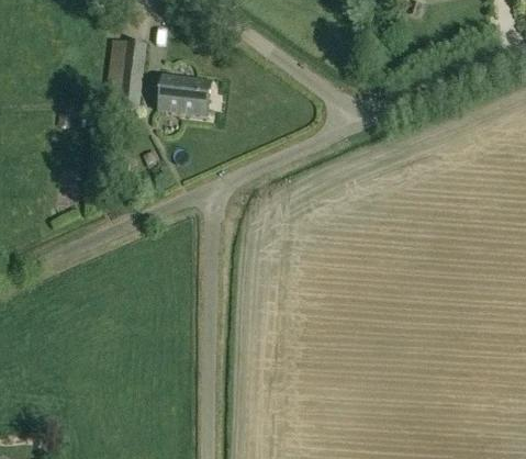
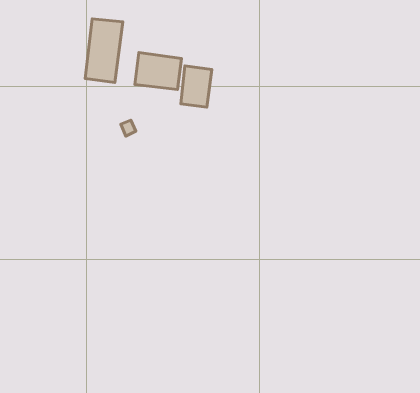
building: none -> [181,66,212,107]

